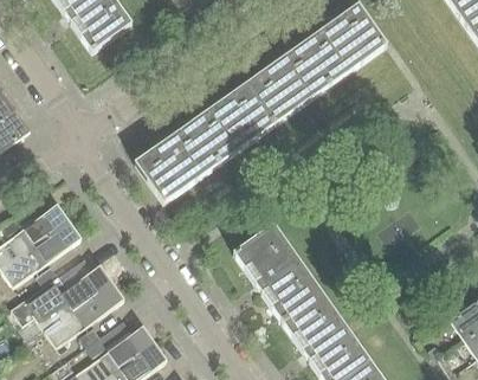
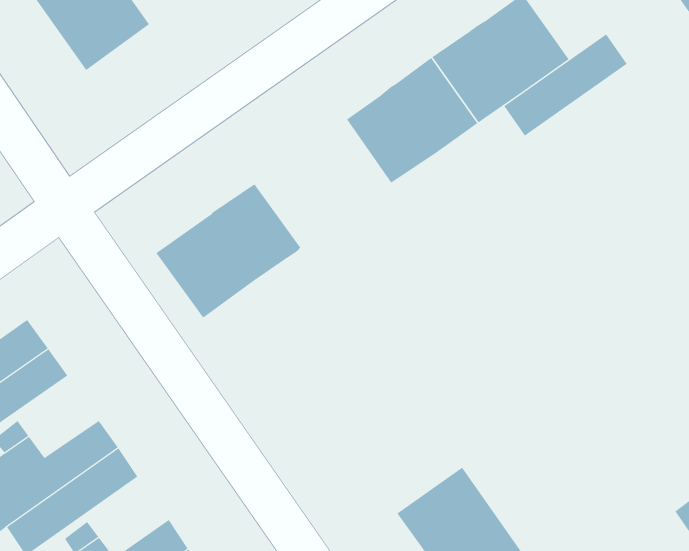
building: none -> [504,33,627,137]
building: [195,82,278,160] -> none
building: [233,225,322,322] -> none

